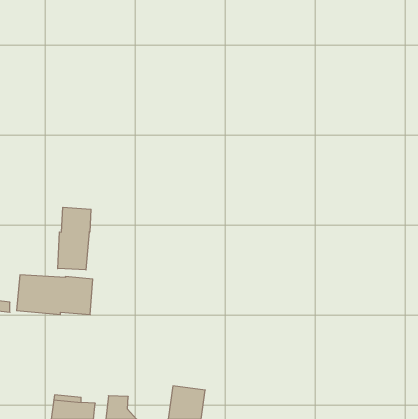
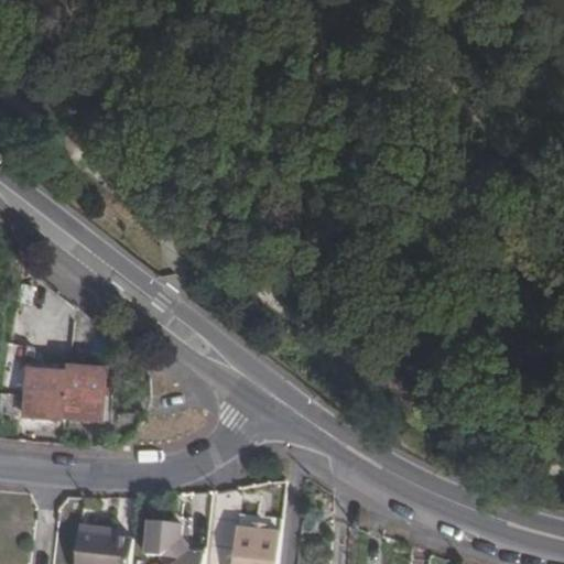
building: [58,207,91,270] -> none

